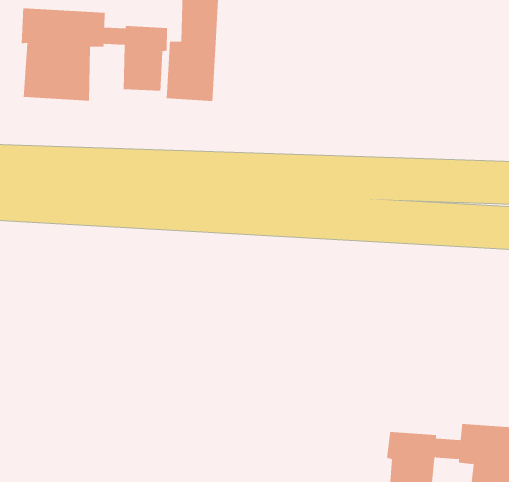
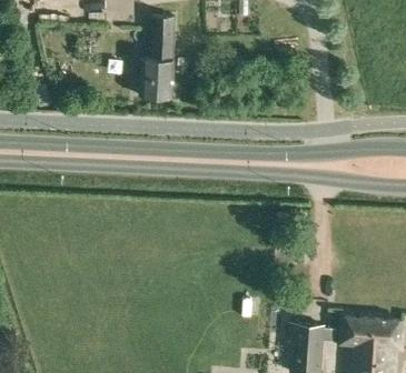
building: [21,8,167,102] -> none

